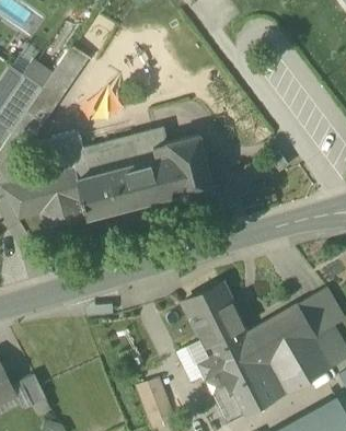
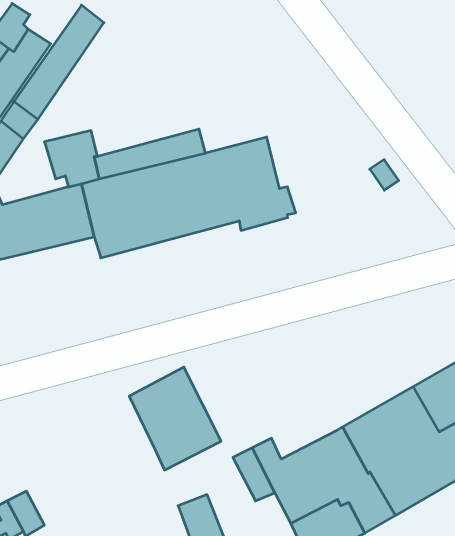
building: [39,202,89,238] -> none
building: [184,283,246,353] -> [129,367,221,470]

